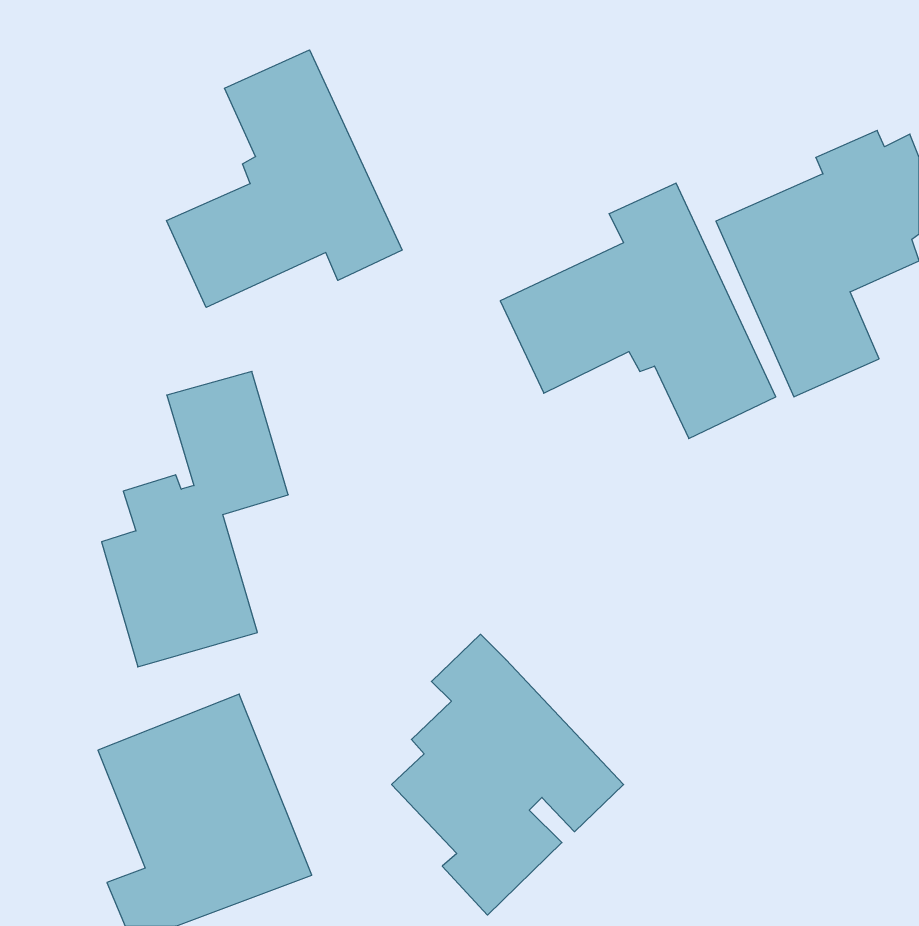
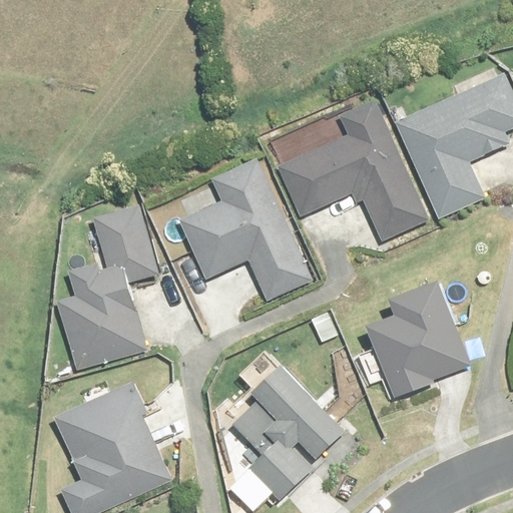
building: [166,50,402,307] -> none
building: none -> [180,158,313,303]
building: none -> [359,274,477,404]

